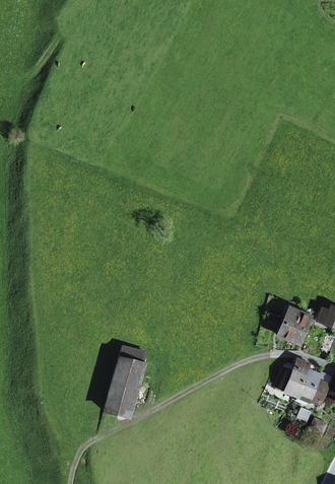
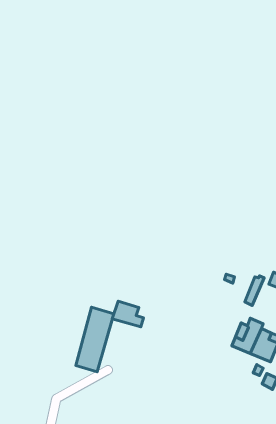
building: [278,306,300,340] -> none
building: none -> [112,301,143,327]

